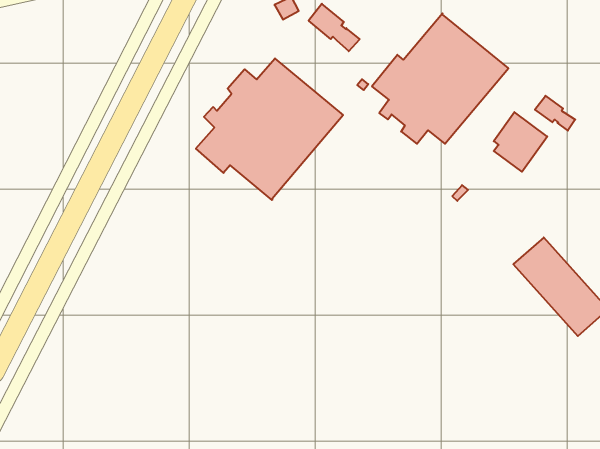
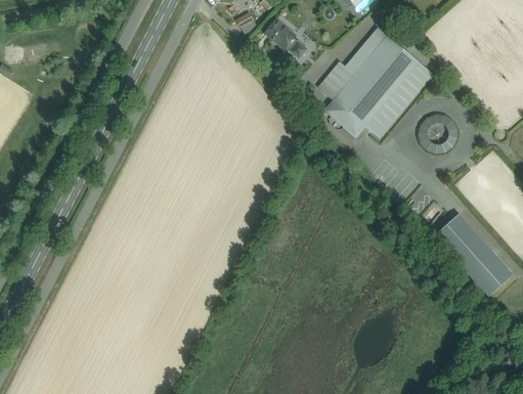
building: [196,58,343,200] -> none
building: [535,96,575,131] -> none

